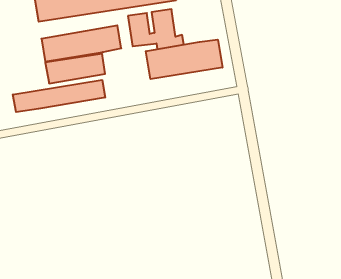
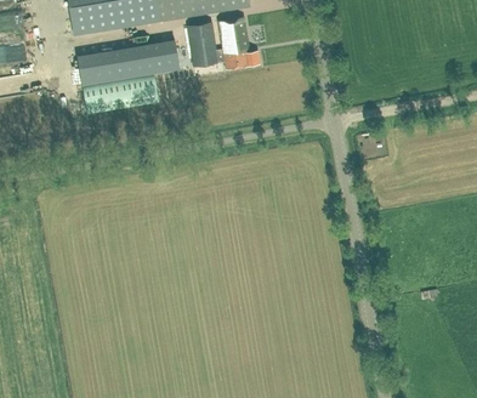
building: [146,40,222,79] -> none
building: [13,80,105,112] -> none

